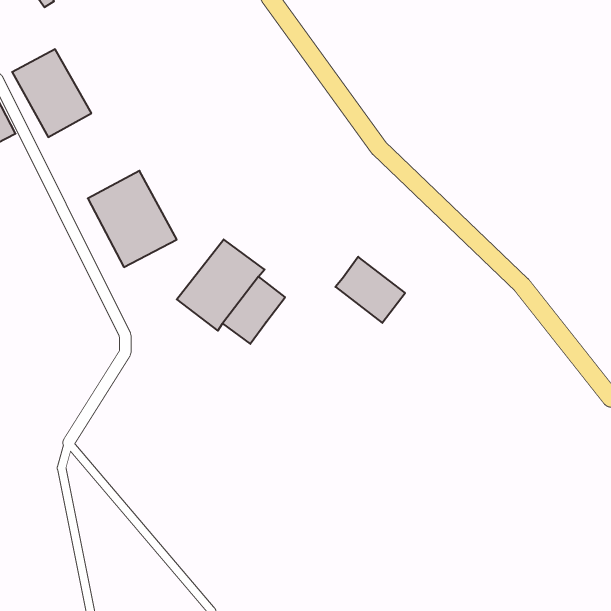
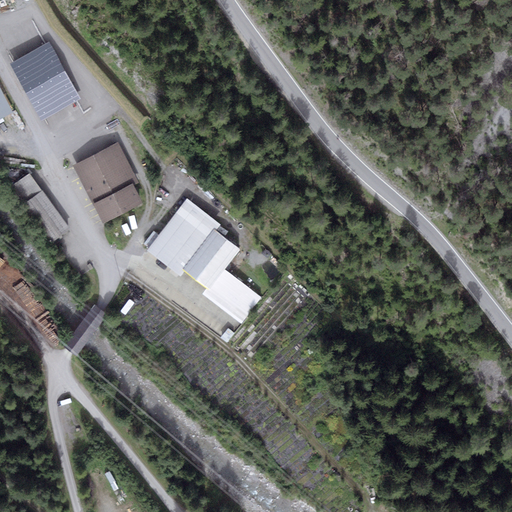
building: none -> [9,172,70,243]
building: [335,257,405,323] -> [202,268,260,323]

